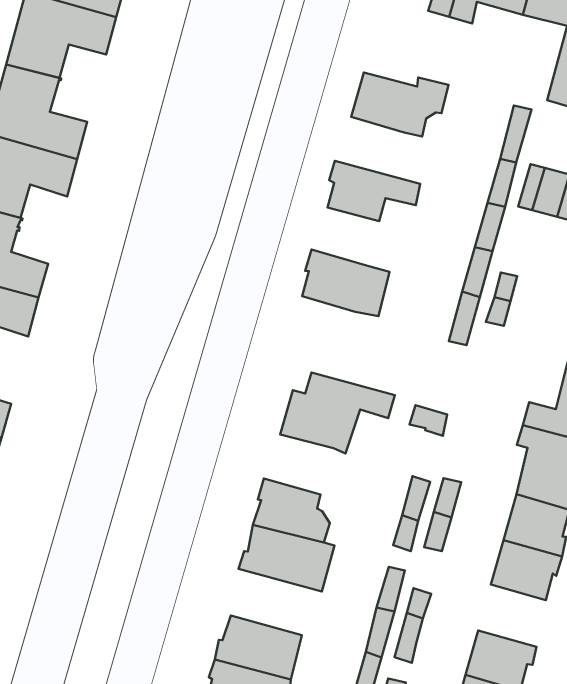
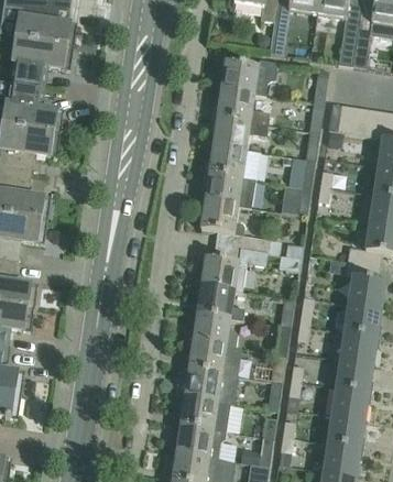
building: none -> [215,88,270,123]
building: none -> [207,144,245,176]
building: none -> [200,199,270,252]
building: none -> [195,284,243,318]
building: none -> [185,368,238,404]
building: none -> [335,359,373,393]

